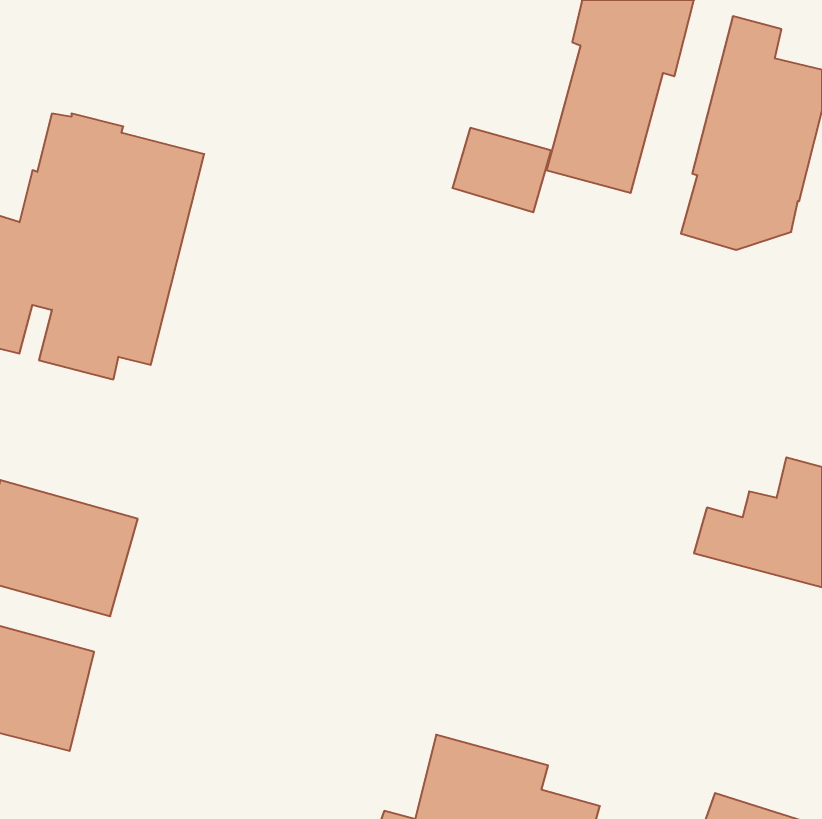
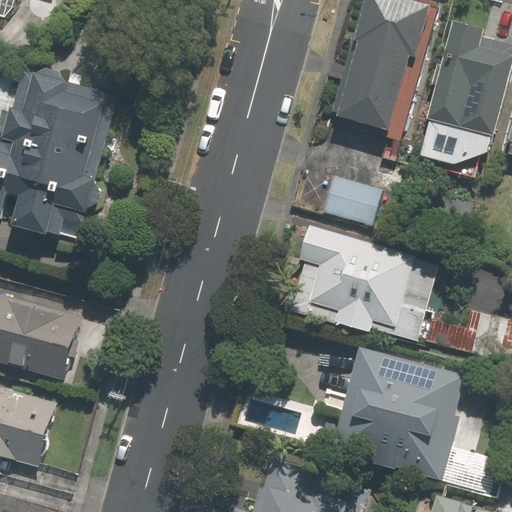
building: [452,128,551,212] -> [321,176,382,228]
building: none -> [289,222,438,341]
building: none -> [331,342,502,493]

